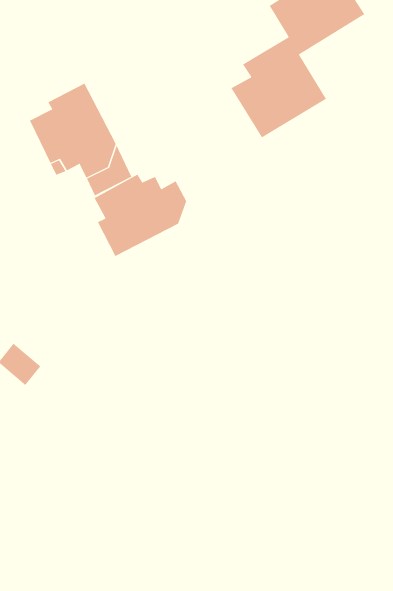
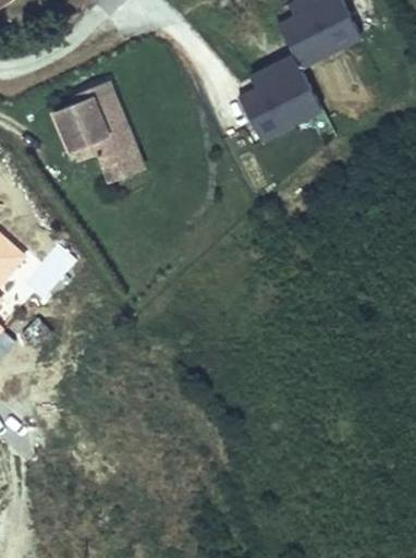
building: [94,174,187,257] -> none

